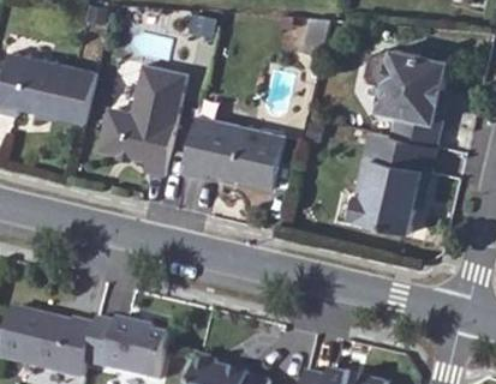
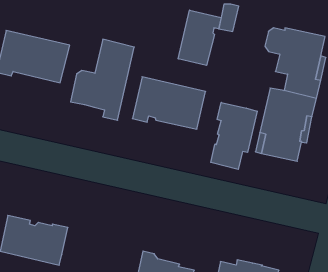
building: none -> [178,10,221,65]
building: none -> [211,102,257,169]
building: [85,313,167,377] -> none

